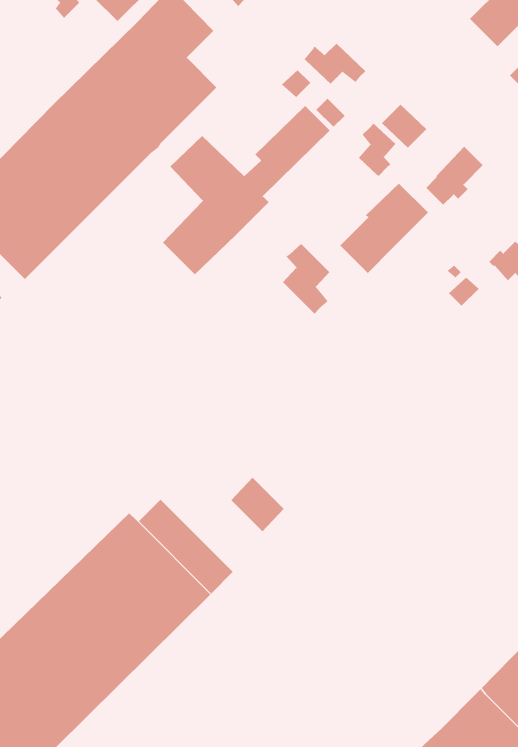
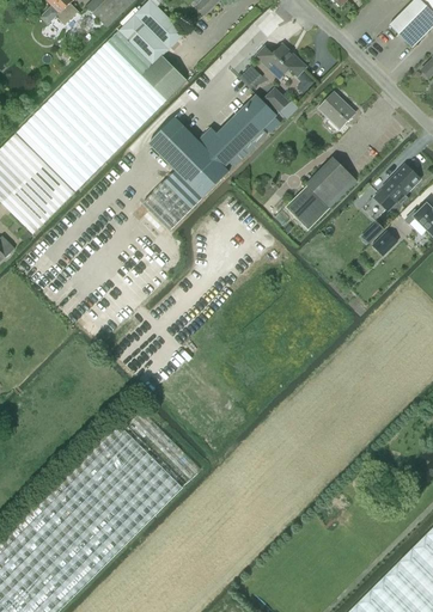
building: [358,123,396,177] -> none
building: [425,146,483,206] -> [373,164,420,212]
building: [282,243,330,314] -> none
building: [231,477,285,532] -> none

